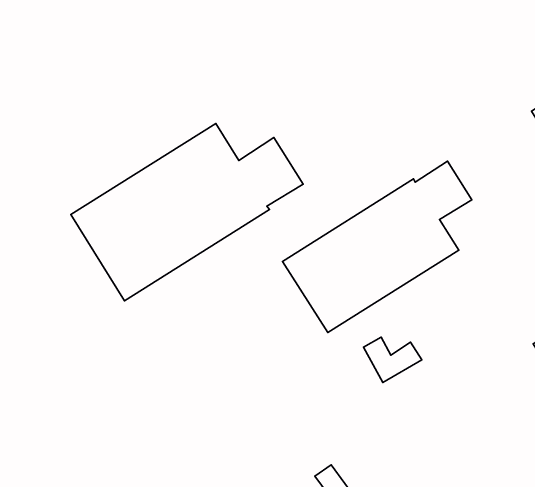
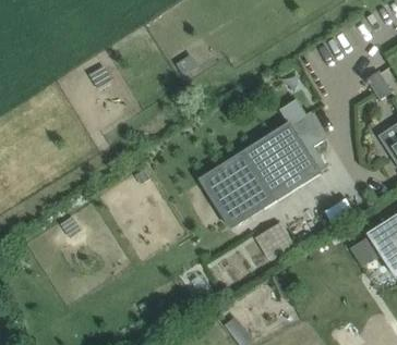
building: [71,123,303,301] -> none

